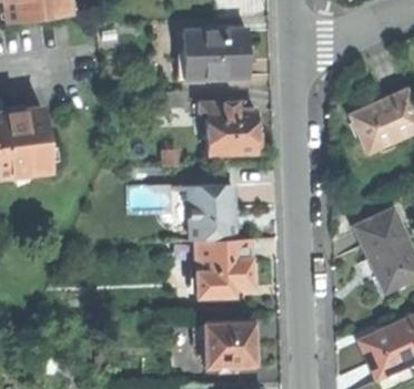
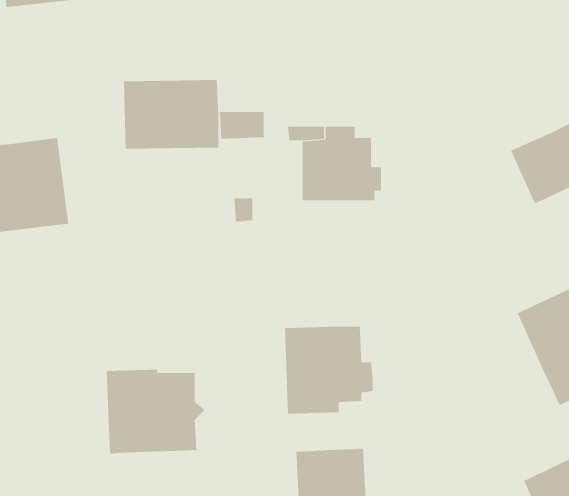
building: [184,31,250,79] -> [123,79,219,149]
building: [171,182,239,239] -> [106,369,205,454]

